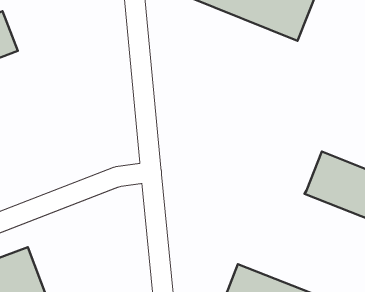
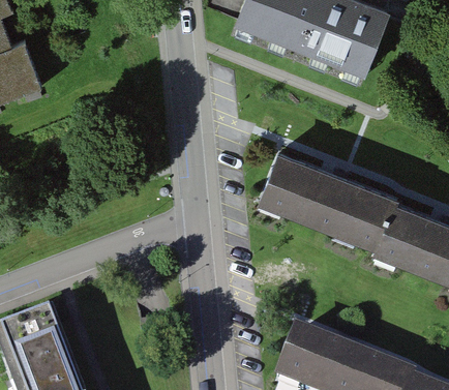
building: none -> [260,152,394,246]

